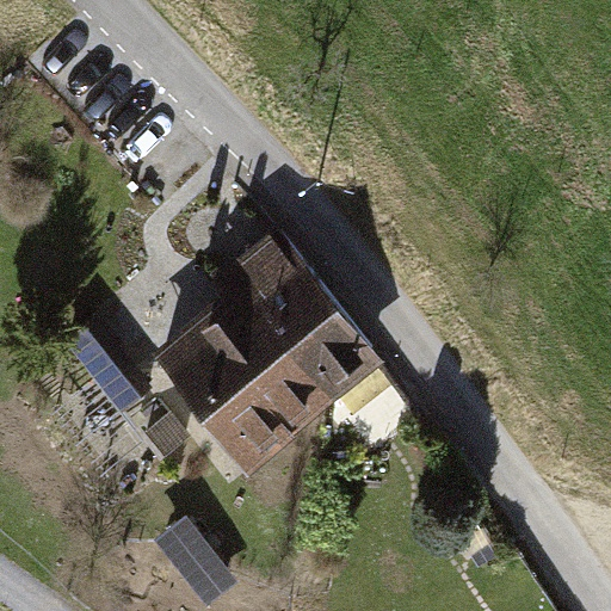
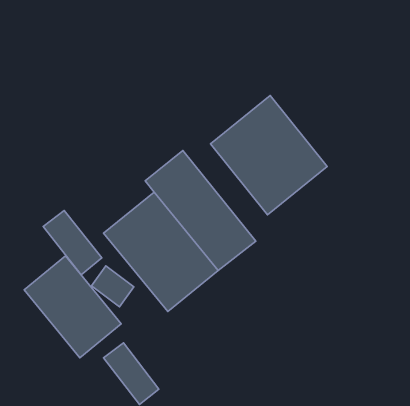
building: none -> [210,96,327,215]
building: none -> [24,256,121,358]

